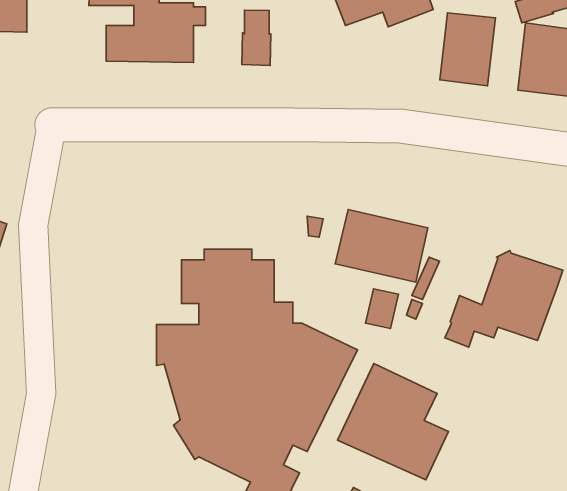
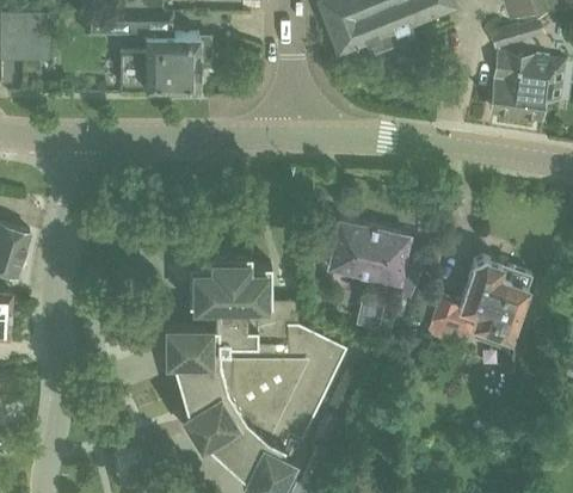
building: [242,10,271,65] -> none
building: [440,13,496,86] -> none
building: [338,363,448,480] -> none

